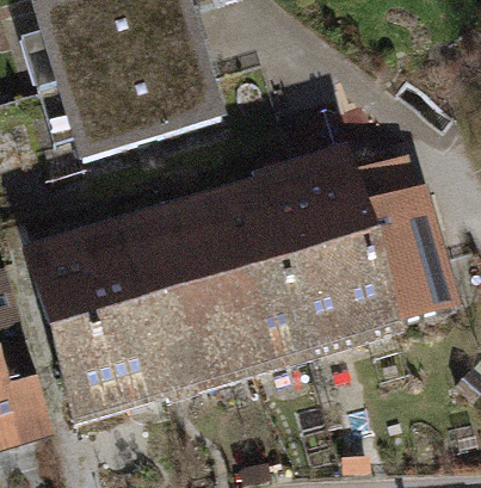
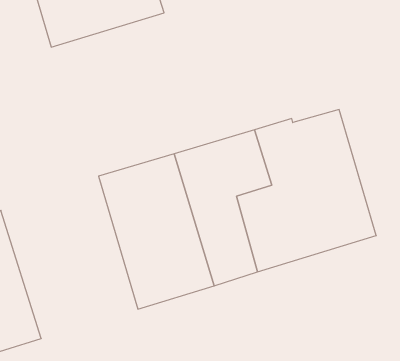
building: [64,44,220,159] -> none
building: [30,237,167,421] -> none

